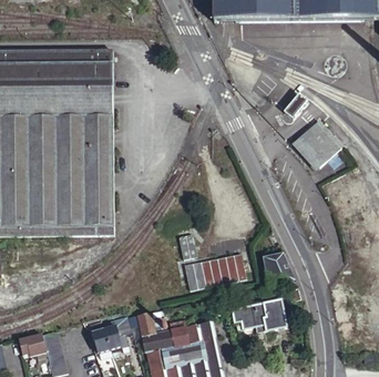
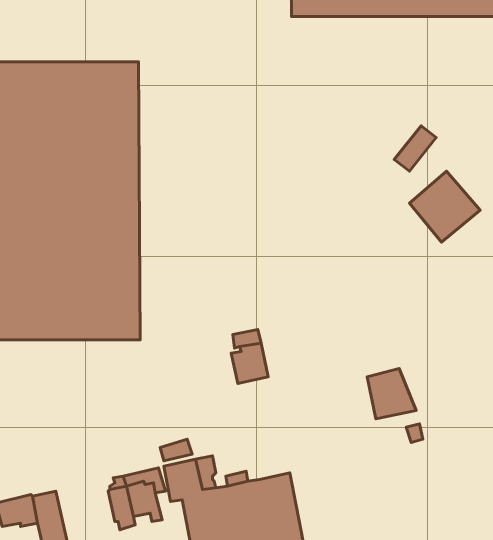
building: [185,253,247,288] -> none
building: [231,298,285,329] -> none

